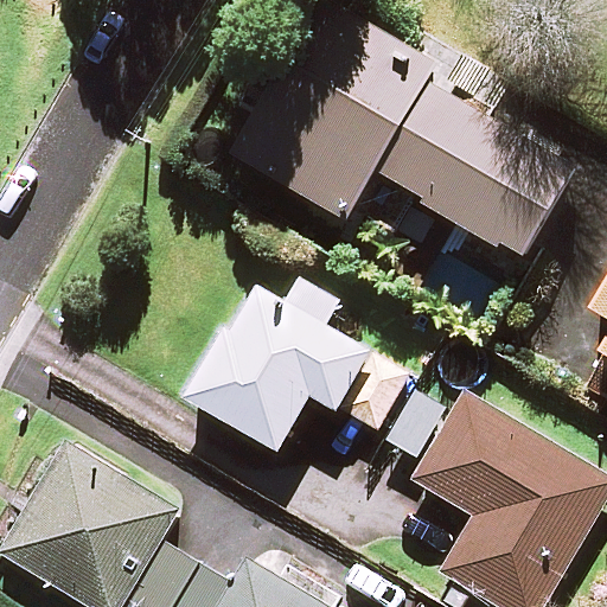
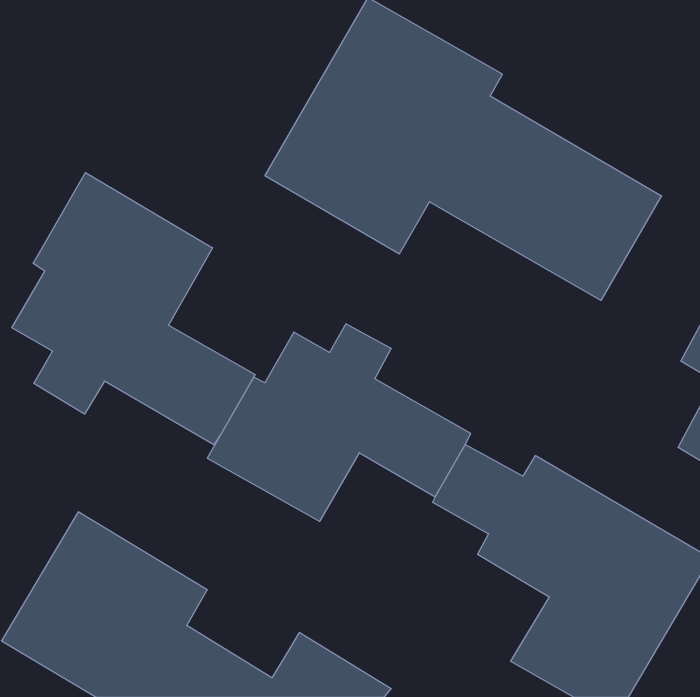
building: none -> [12,173,255,445]

